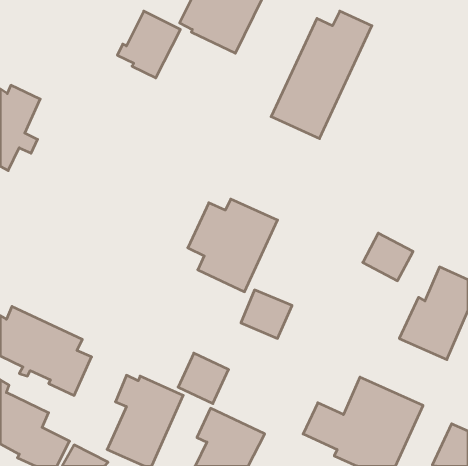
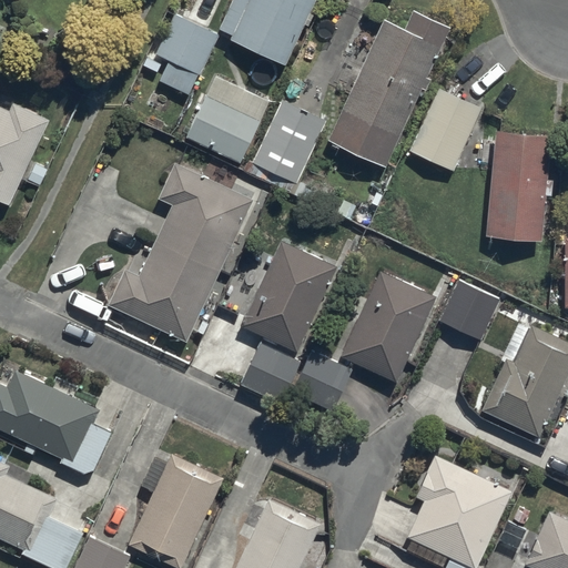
building: none -> [185,75,268,163]
building: none -> [408,87,485,172]
building: none -> [254,101,326,182]
building: none -> [487,132,551,242]
building: none -> [109,164,254,342]
building: none -> [339,273,436,384]
building: [178,353,229,404] -> [240,341,301,402]

